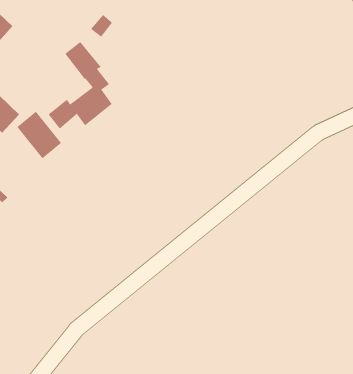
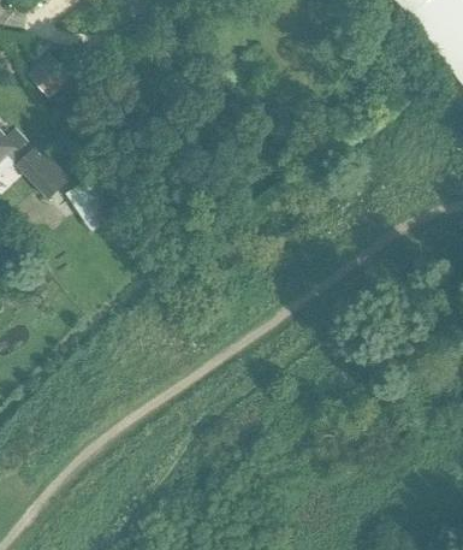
building: [48,41,113,129] -> none

